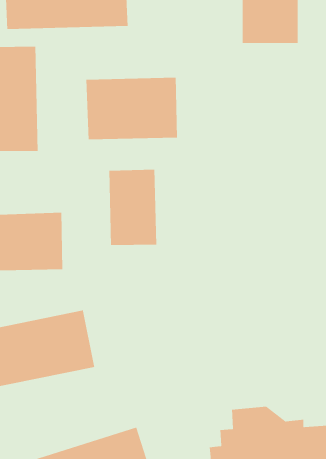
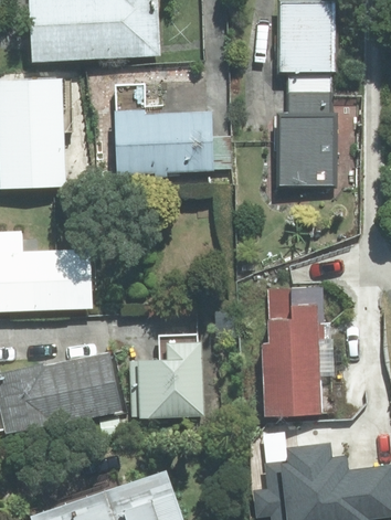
building: none -> [275,114,332,193]
building: [109,169,157,246] -> none
building: none -> [262,290,323,414]
building: none -> [135,333,205,417]

